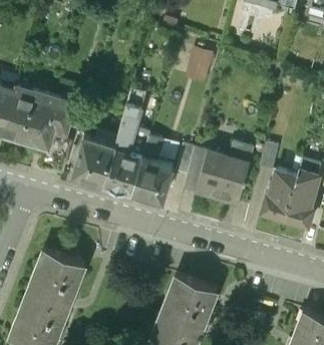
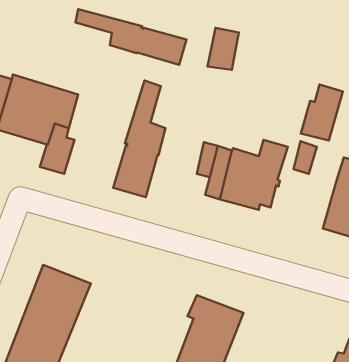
building: none -> [76,9,186,65]
building: [132,134,174,200] -> none
building: [73,135,116,183] -> none
building: [261,169,297,218] -> [301,84,343,140]

